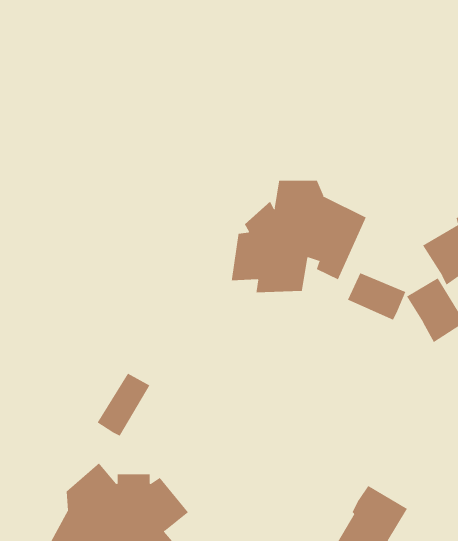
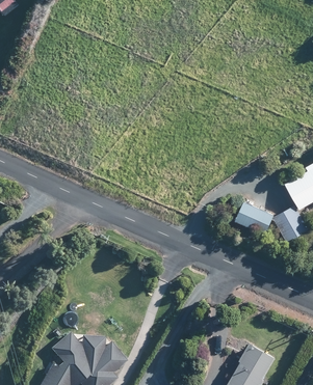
building: [231,180,366,293] -> none
building: [97,373,150,437] -> none

